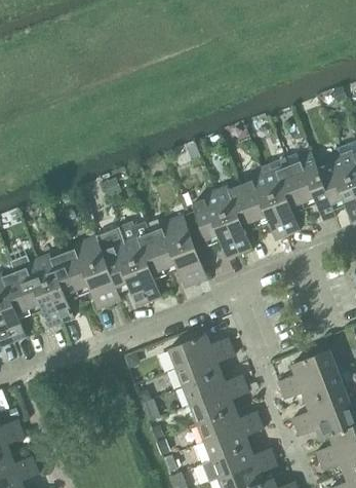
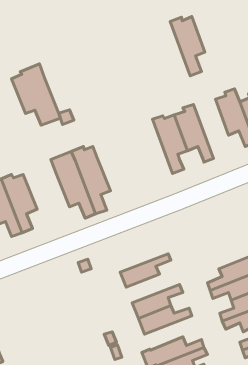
building: [262,165,303,235] -> [170,16,205,76]
building: [191,189,237,258] -> none
building: [149,216,206,287] -> none
building: [62,236,119,308] -> [11,64,60,125]
building: [168,334,232,369] -> none
building: [183,371,245,405] -> none
building: [204,420,264,460] -> none

